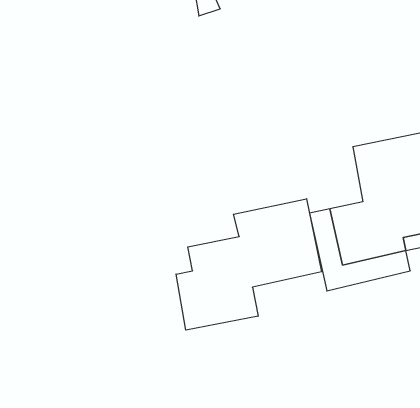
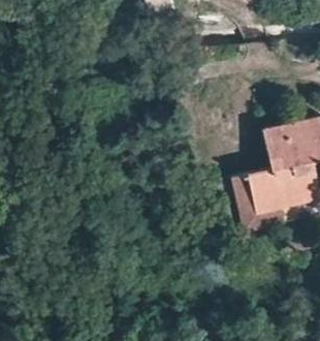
building: [176,199,322,330] -> none

